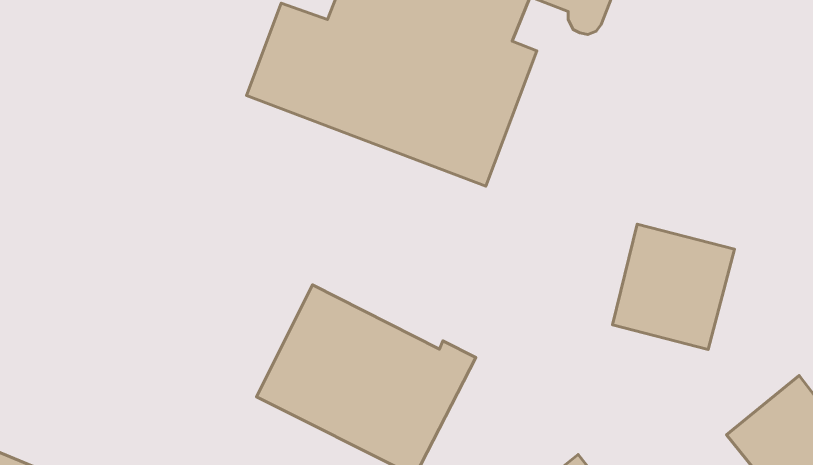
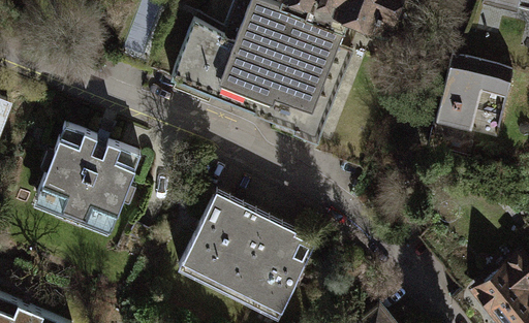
building: none -> [35,125,141,227]
building: [613,224,735,350] -> [437,57,514,135]

